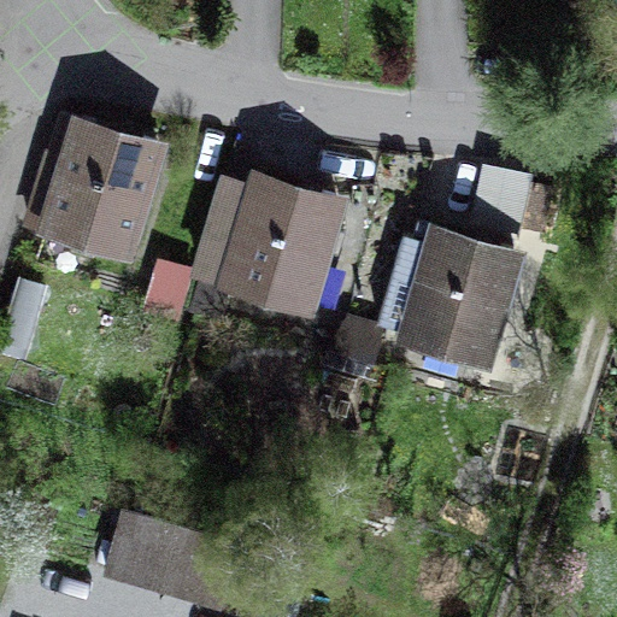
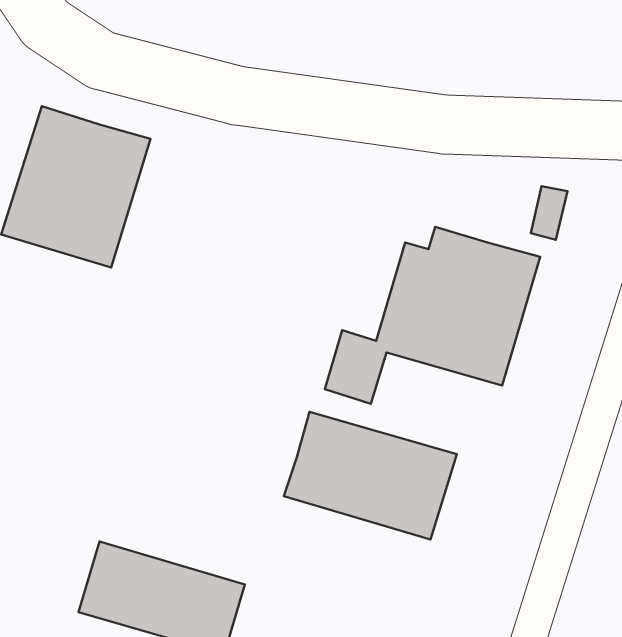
building: [141,170,347,331] -> none
building: none -> [284,412,457,540]

